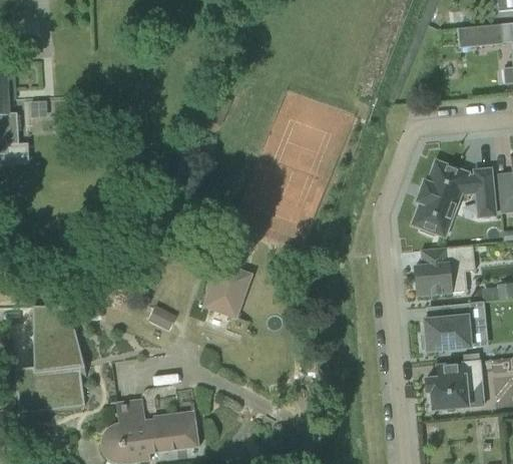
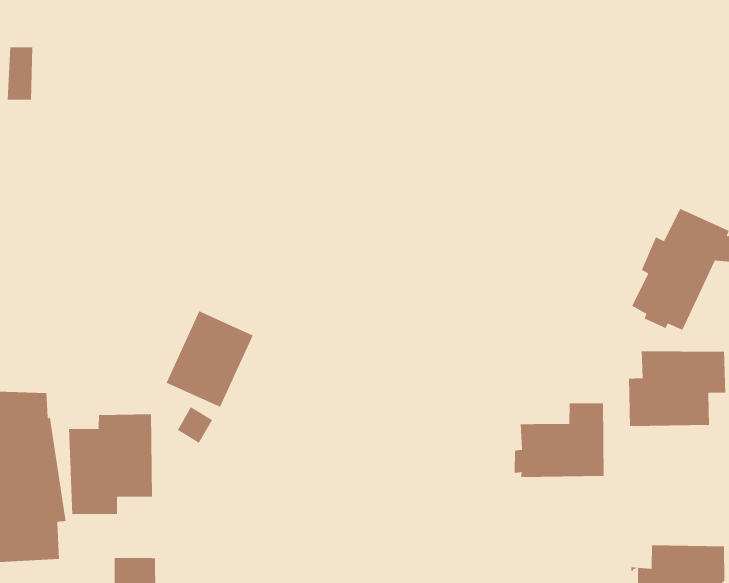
building: [202,262,252,319] -> [166,310,254,408]
building: [421,303,476,352] -> [514,403,604,478]
building: none -> [68,414,153,515]

